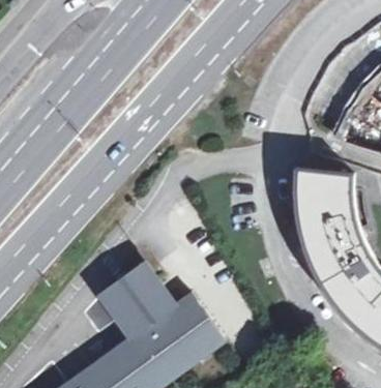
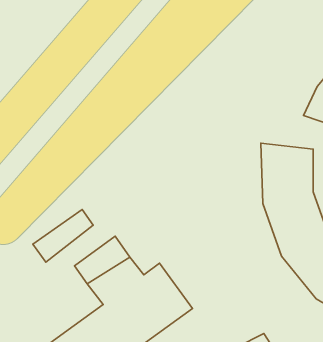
building: none -> [33,210,93,262]

